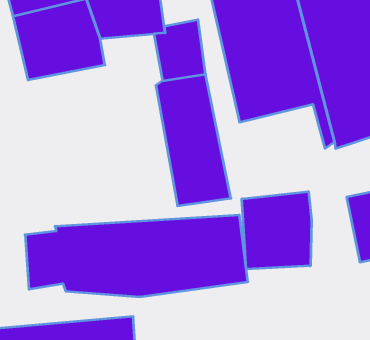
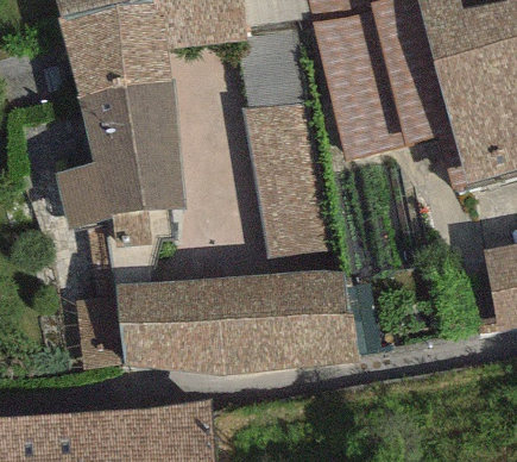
building: none -> [56,83,189,227]
building: [242,192,311,269] -> none

